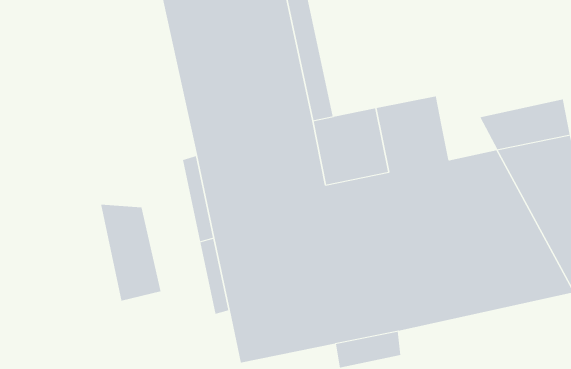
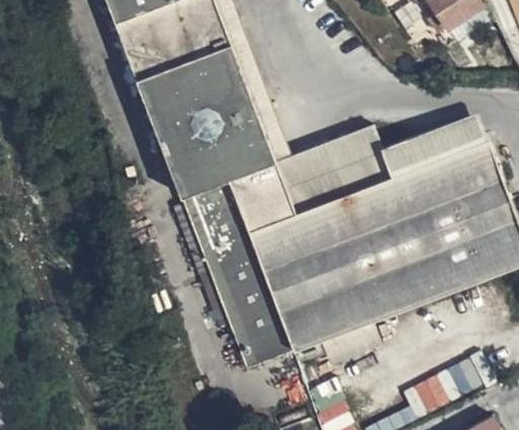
building: none -> [380,137,428,175]
building: [100,204,161,301] -> none

